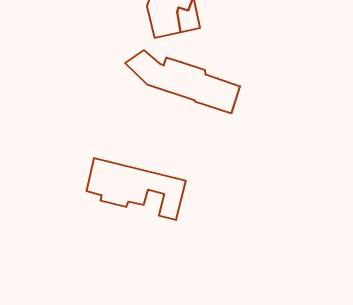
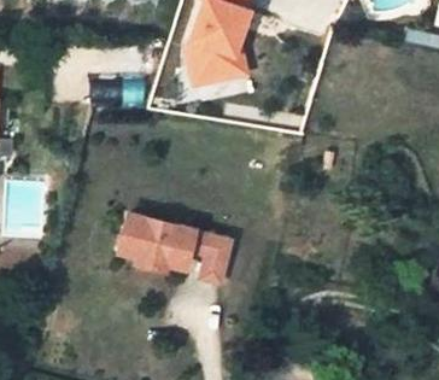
building: [125,50,240,113] -> none

